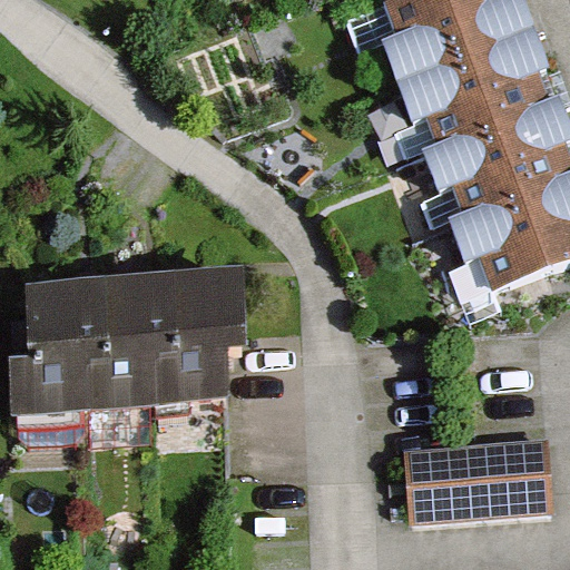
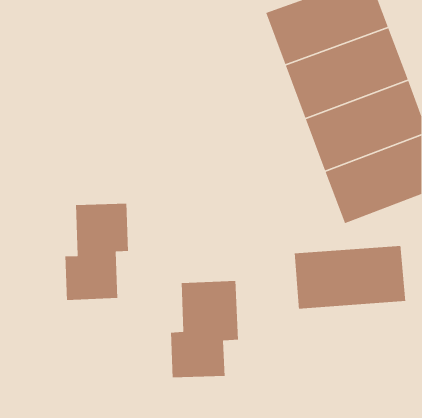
building: [157,271,249,403] -> [170,280,239,378]
building: [17,276,104,409] -> none
building: [404,440,556,527] -> [294,245,406,310]

